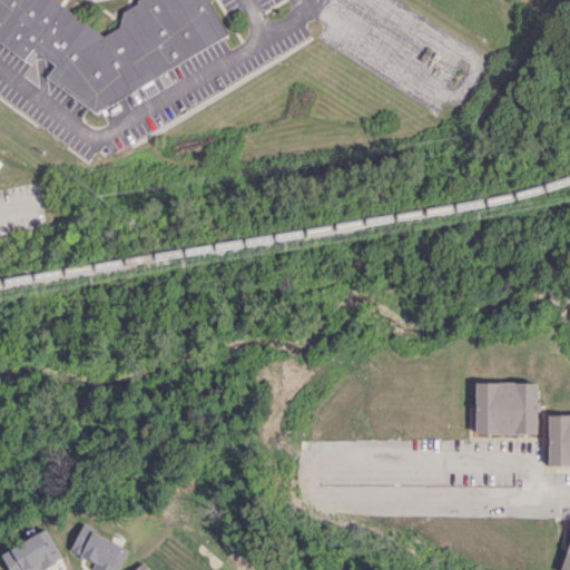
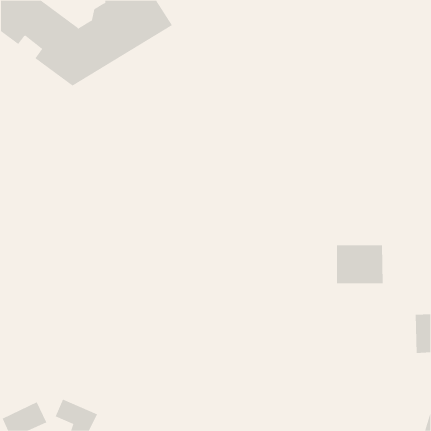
building: [475,382,538,433] -> [336,245,384,284]

